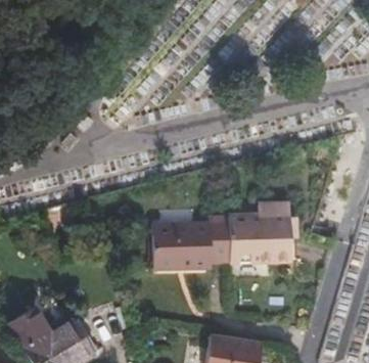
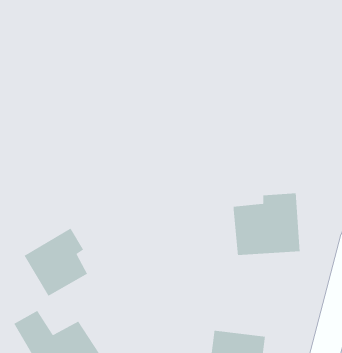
building: [150,218,231,274] -> none
building: none -> [23,228,88,297]

